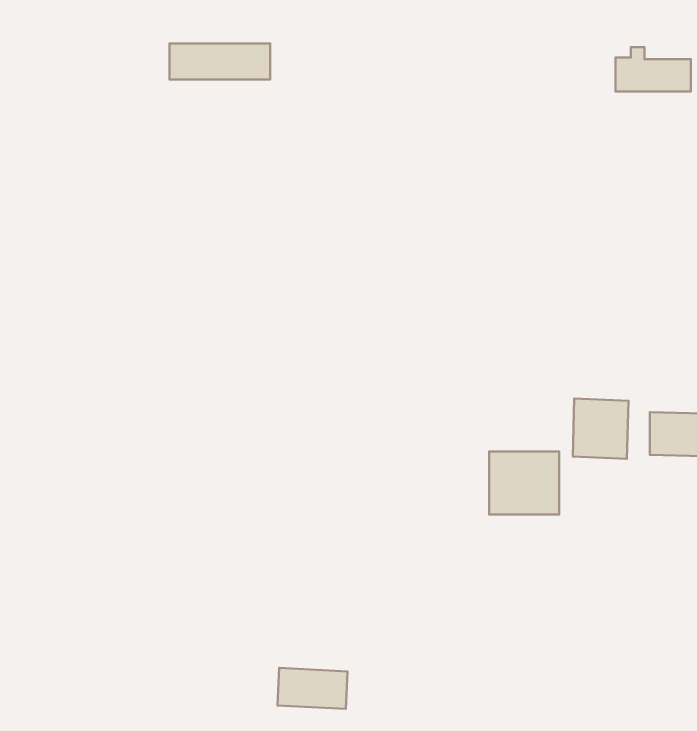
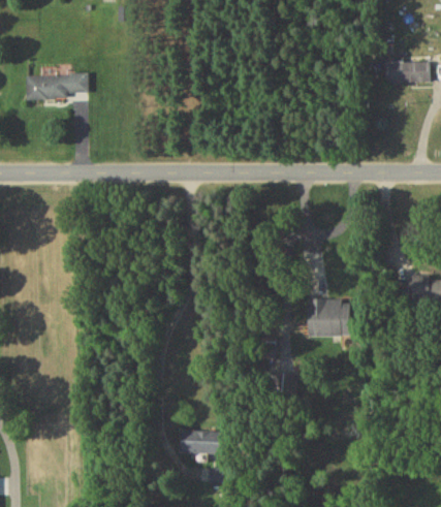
building: [169,44,270,79] -> [27,75,88,97]
building: [573,399,628,459] -> none

